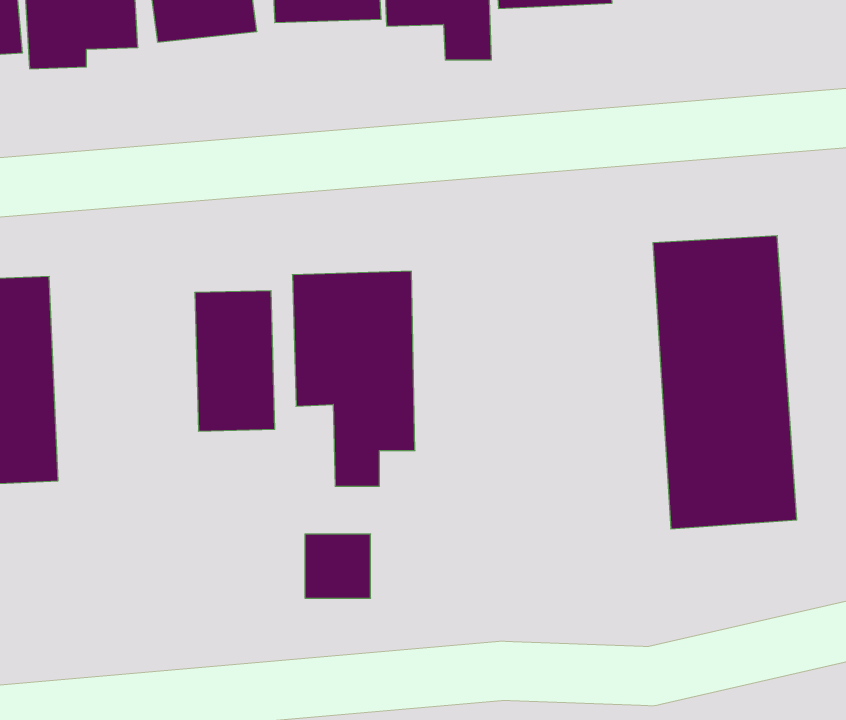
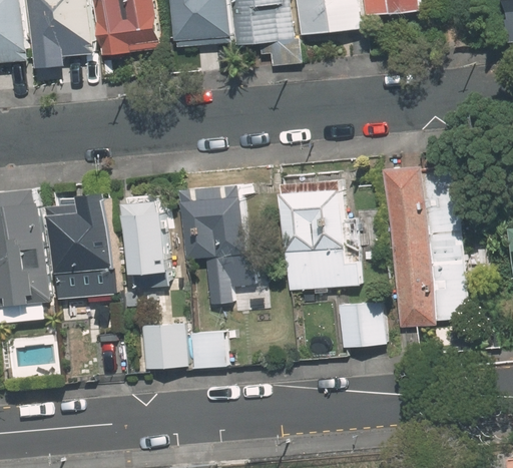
building: none -> [49,187,113,302]
building: none -> [281,188,358,292]
building: none -> [337,301,384,347]
building: none -> [138,323,183,368]

